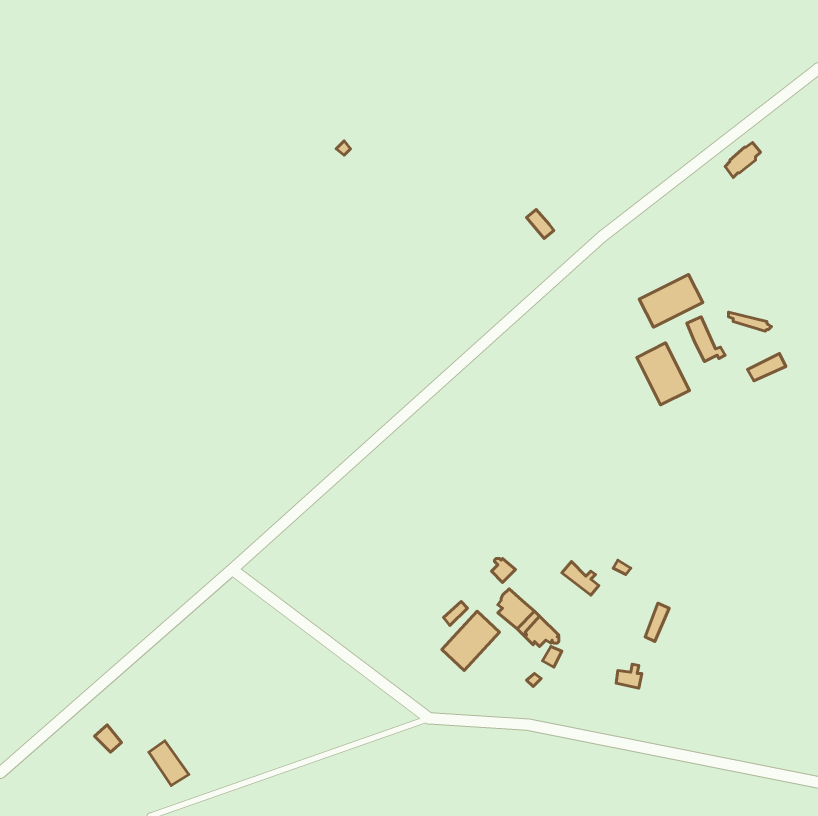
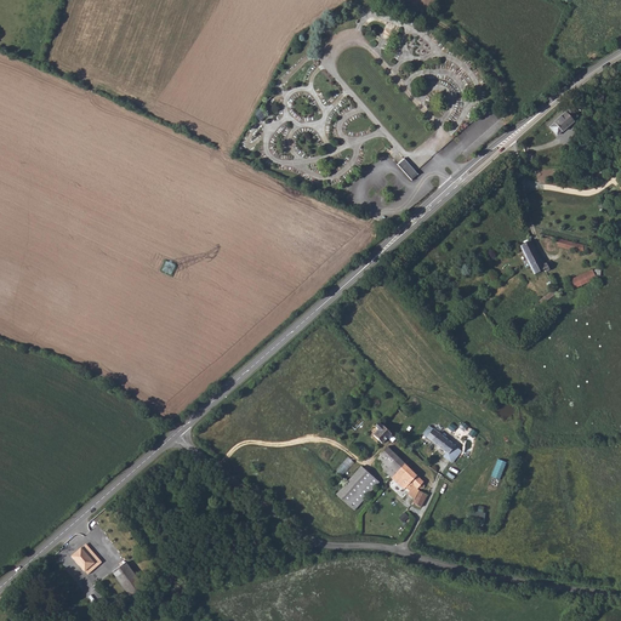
building: [639,275,703,327] -> none
building: [637,343,689,405] -> none

